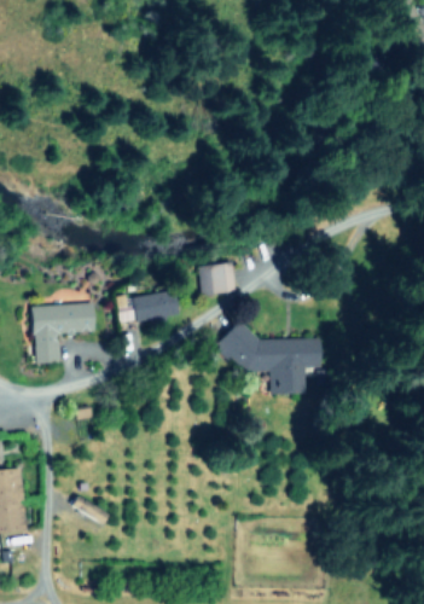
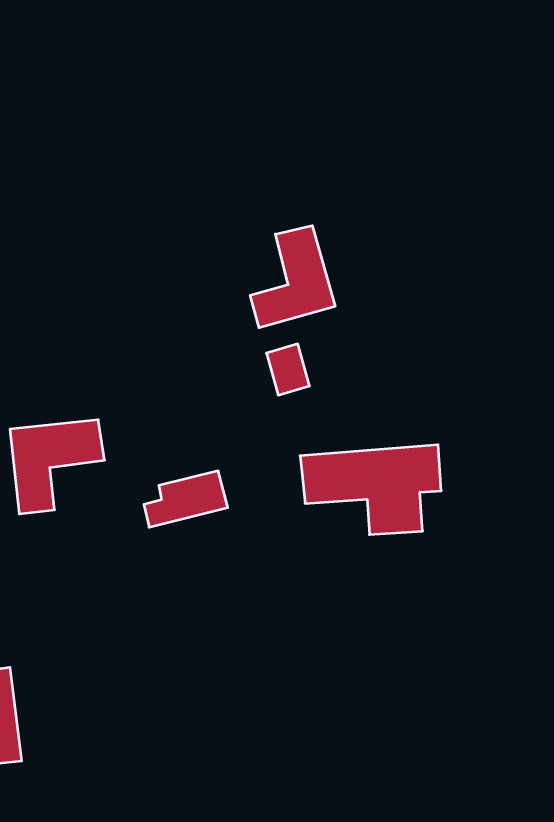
building: none -> [250,226,335,328]
building: [121,290,178,325] -> [144,471,228,527]

